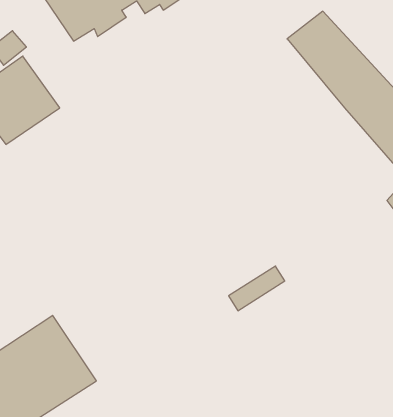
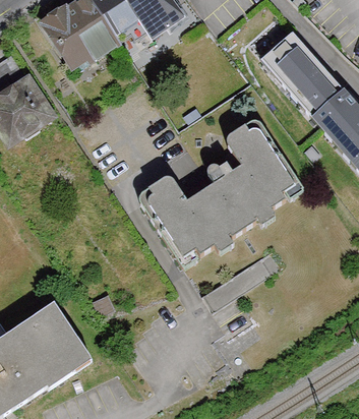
building: none -> [138,116,302,264]

